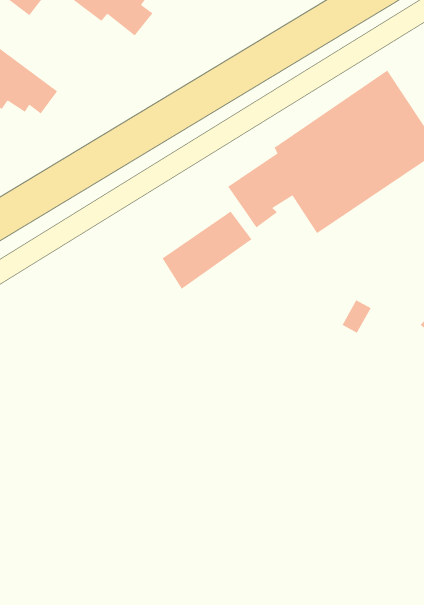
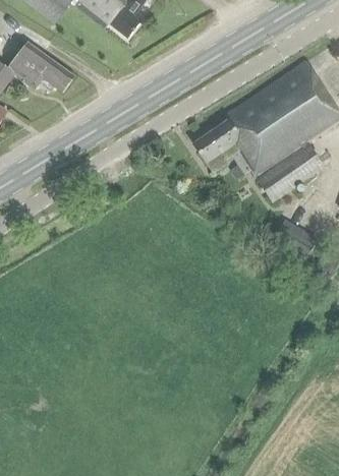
building: [161,211,252,290] -> [258,144,322,200]

